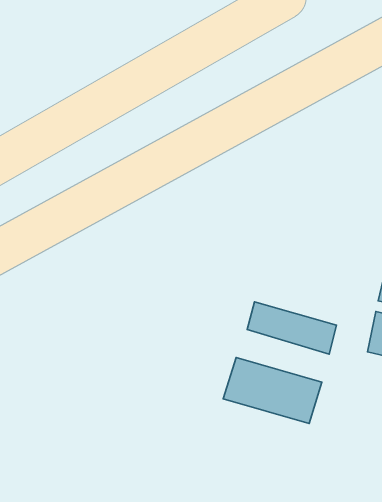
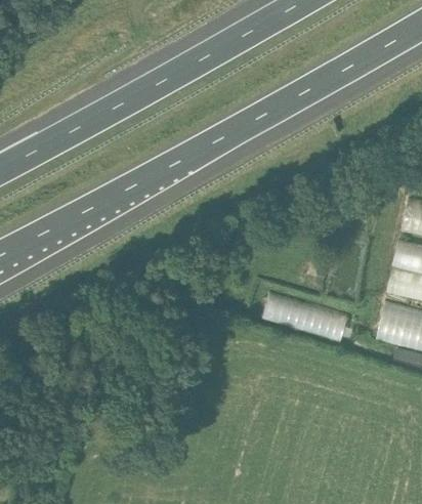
building: [223,358,322,423] -> none

